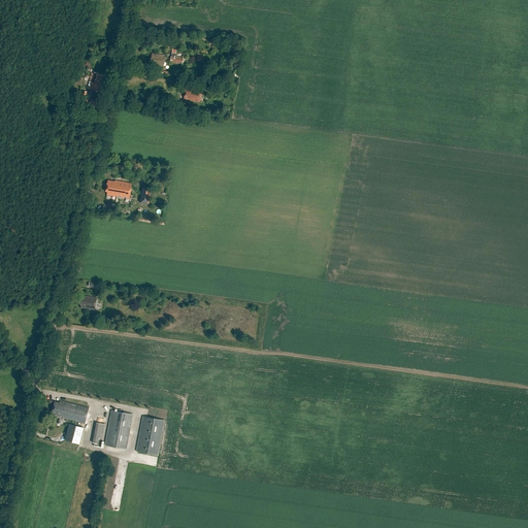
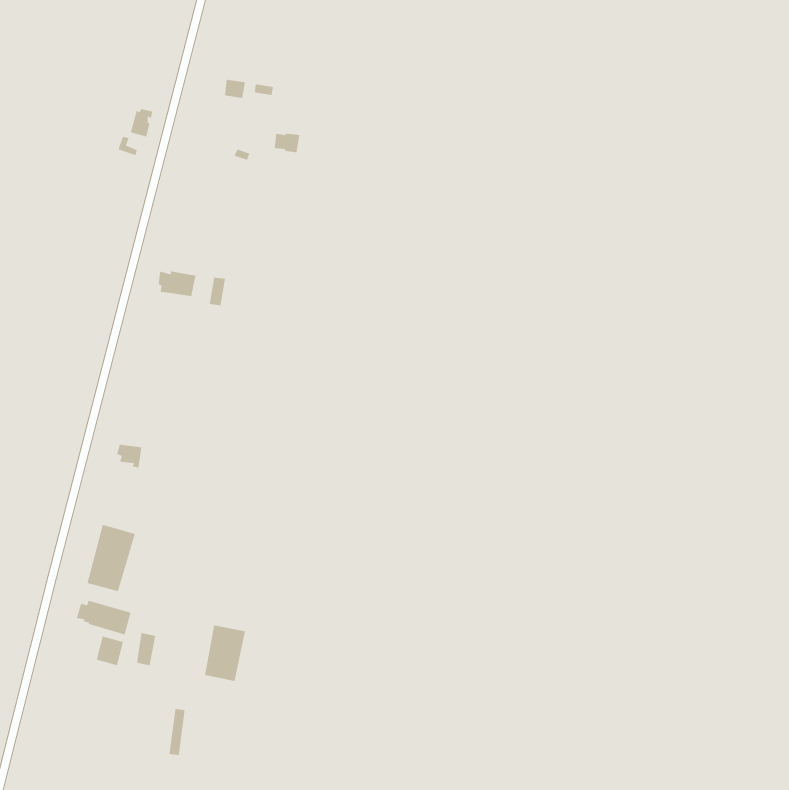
building: none -> [86,524,136,592]
building: [104,410,132,450] -> none

